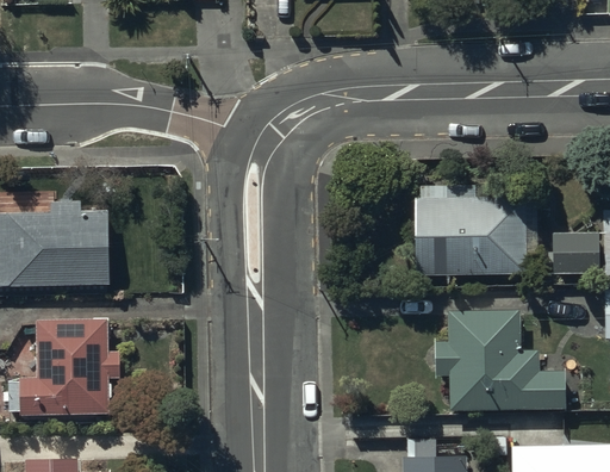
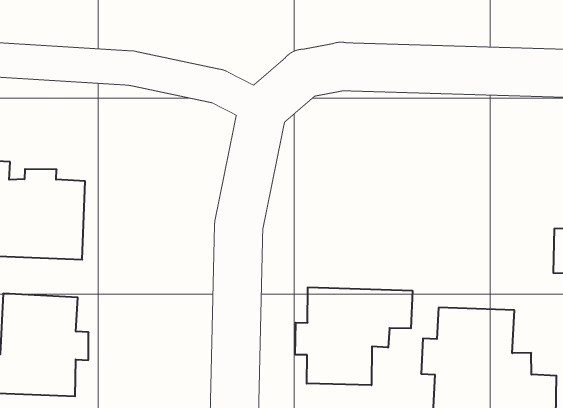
building: [415,185,536,277] -> none
building: none -> [295,287,412,385]

